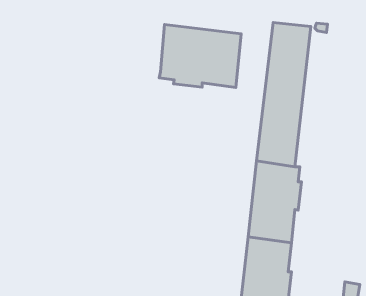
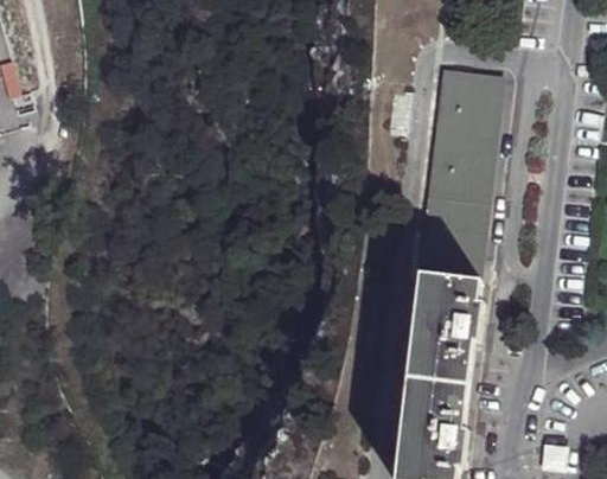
building: [159,24,241,87] -> none

